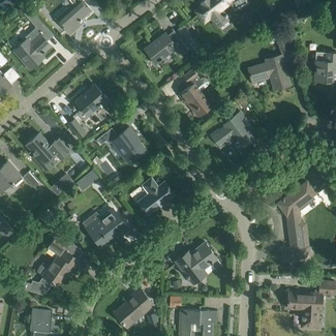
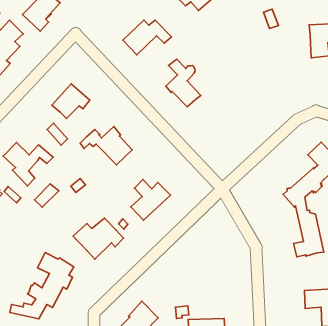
building: [248,55,291,90] -> none
building: [211,113,257,153] -> none
building: [176,243,216,283] -> none

